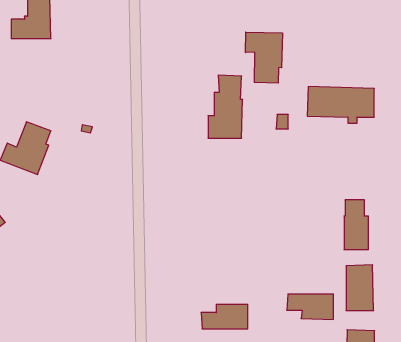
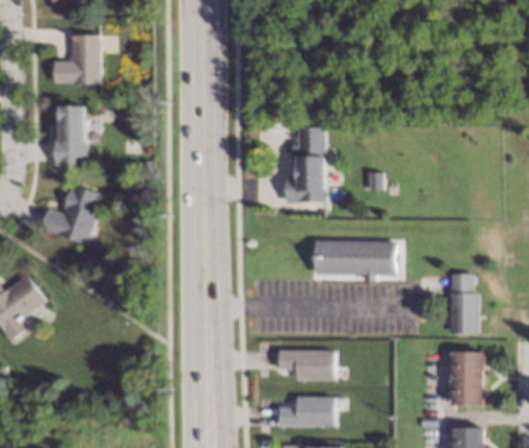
building: [246,32,282,83] -> none
building: none -> [54,104,88,162]
building: [307,87,374,123] -> [316,239,396,282]
building: [287,294,333,319] -> [279,351,334,381]

